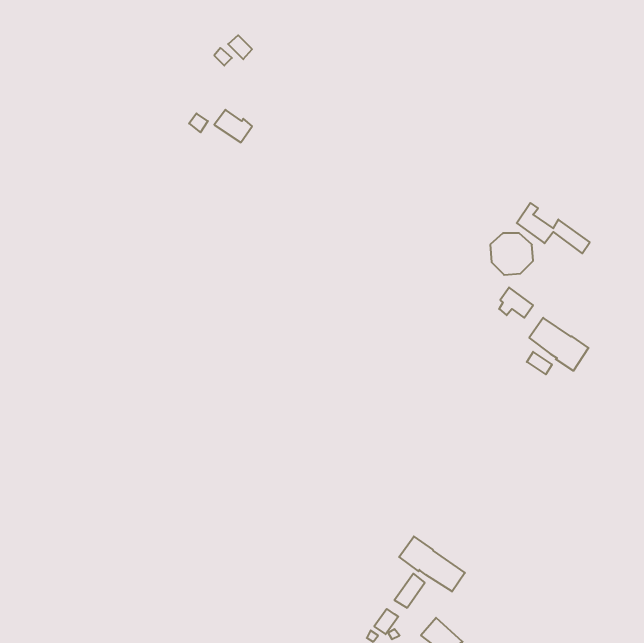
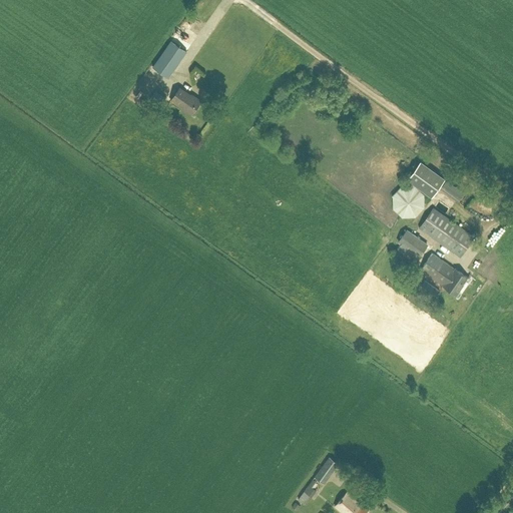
building: none -> [152,49,180,78]
building: none -> [419,207,474,256]
building: [399,536,465,592] -> none

